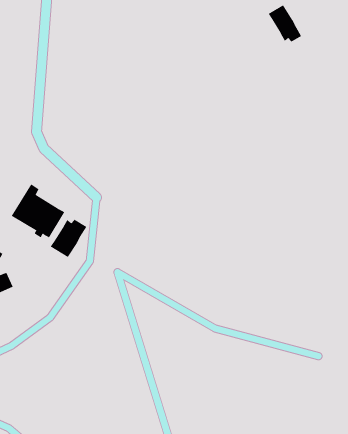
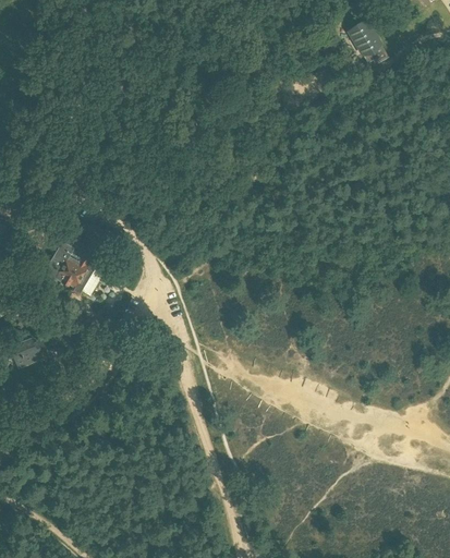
building: [50,219,87,258] -> none

